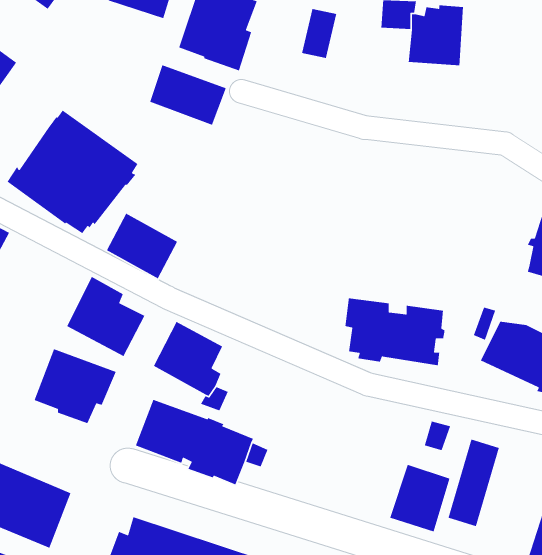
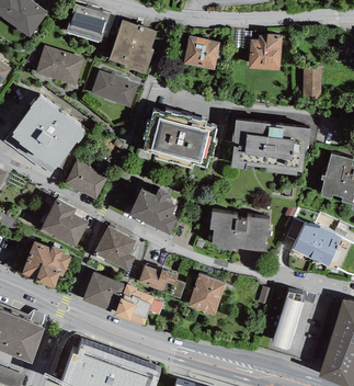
building: none -> [198,38,220,69]
building: none -> [35,44,84,84]
building: none -> [302,63,321,98]
building: none -> [142,110,217,168]
building: none -> [231,120,310,174]
building: none -> [128,188,176,234]
building: none -> [138,265,185,298]
building: [389,464,451,533] -> [187,273,225,315]

